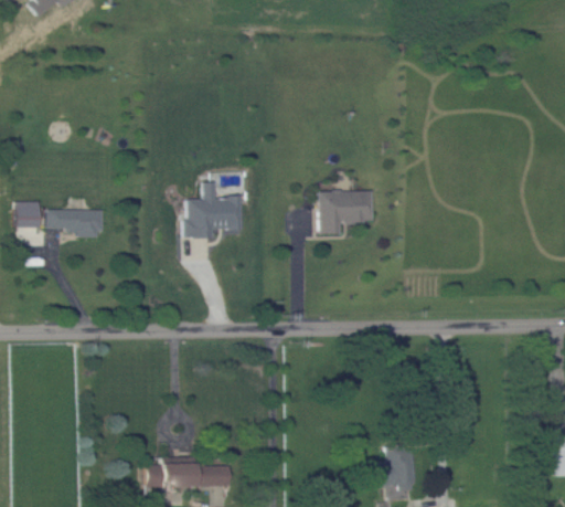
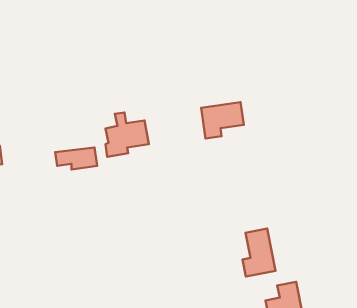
building: [49,210,103,236] -> [55,147,97,170]
building: none -> [243,229,275,277]

